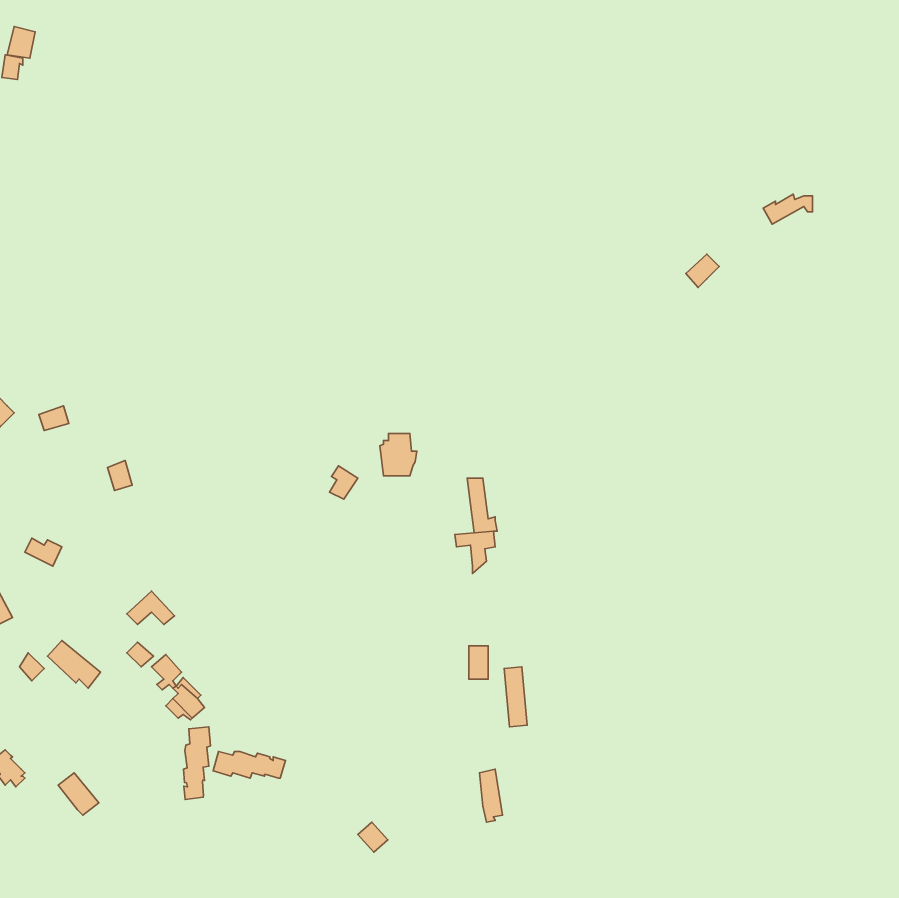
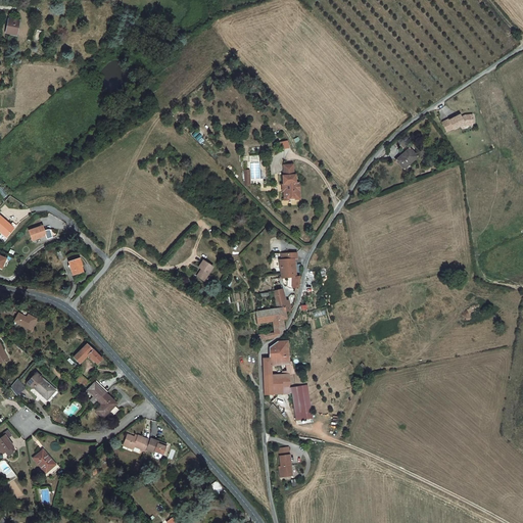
building: none -> [282,164,298,199]
building: [380,434,417,476] -> [280,252,301,277]
building: none -> [272,341,297,374]
building: [183,727,211,799] -> none

